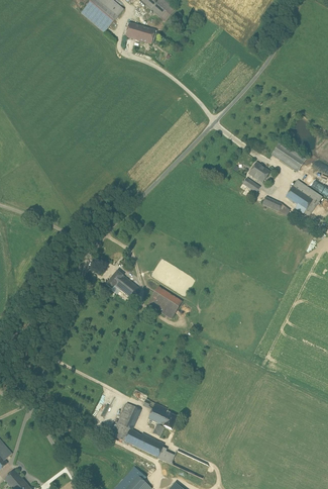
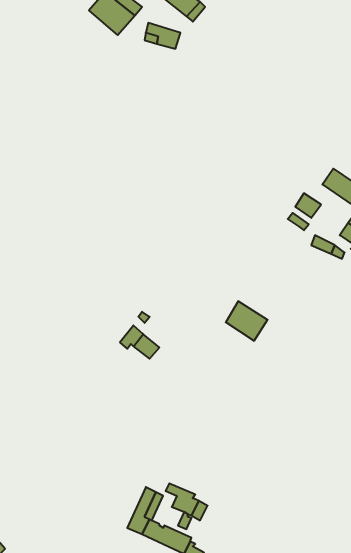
building: [148,286,183,318] -> [226,301,268,341]

